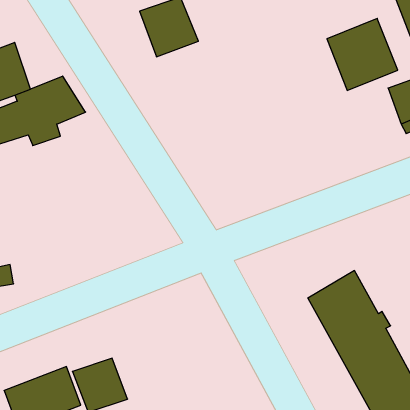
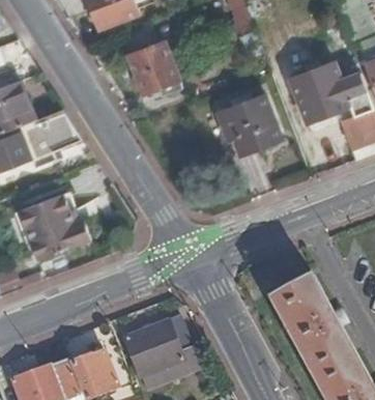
building: none -> [215,93,280,153]
building: none -> [15,193,89,260]
building: none -> [124,315,199,383]

